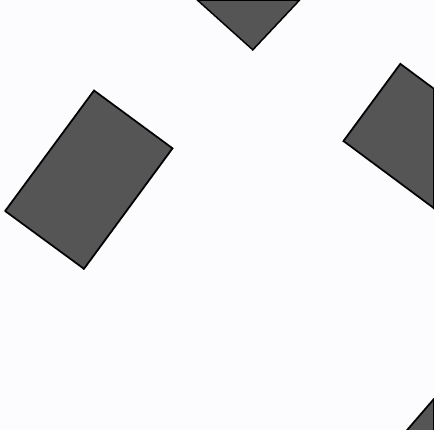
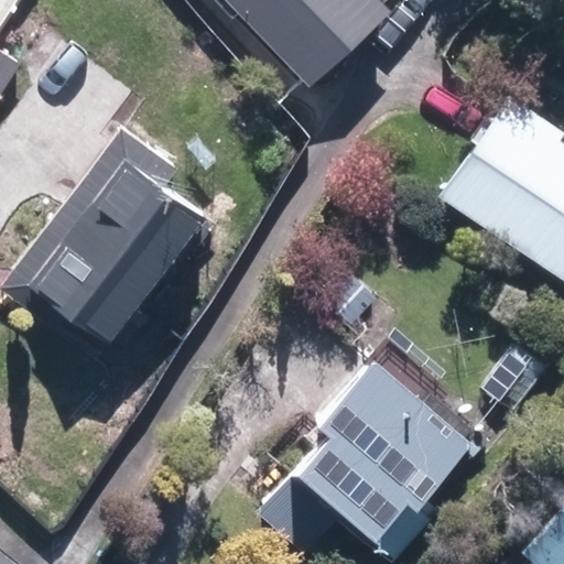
building: none -> [302,352,475,546]

